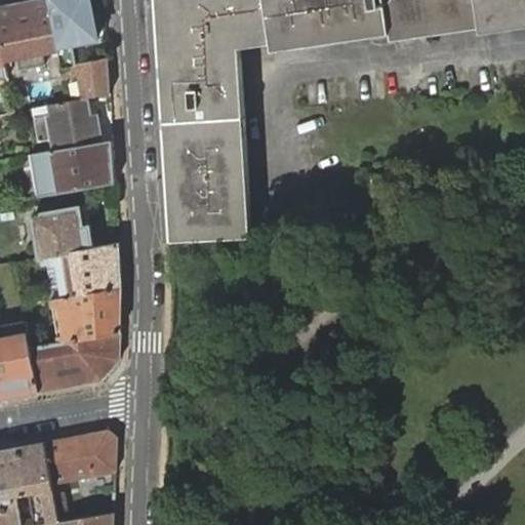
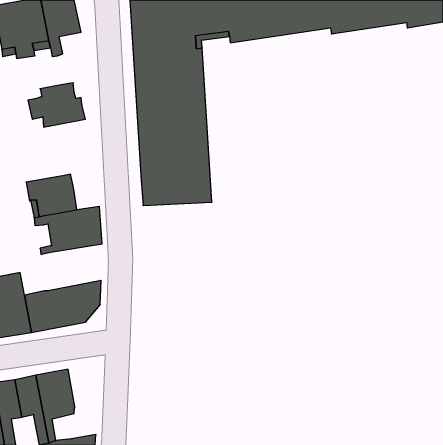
building: [62,58,108,98] -> none
building: [29,138,113,197] -> none
building: [49,287,120,342] -> none
building: [80,430,115,485] -> none

